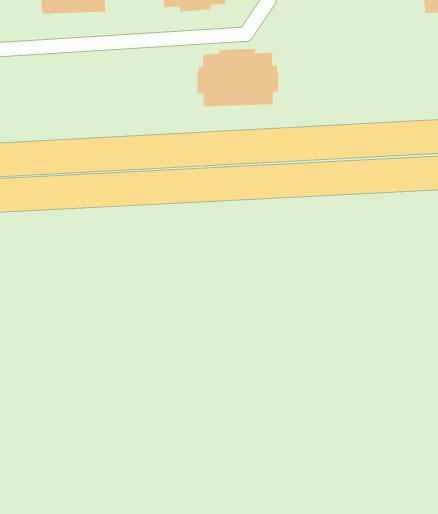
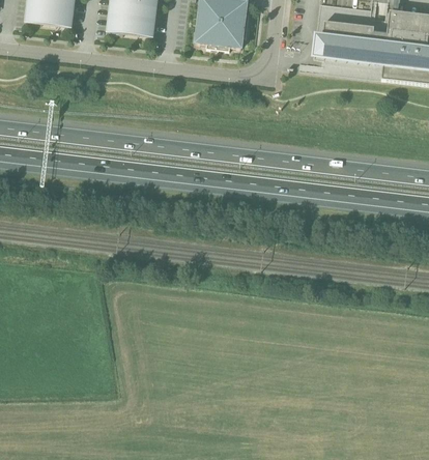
building: [197,48,279,107] -> none

